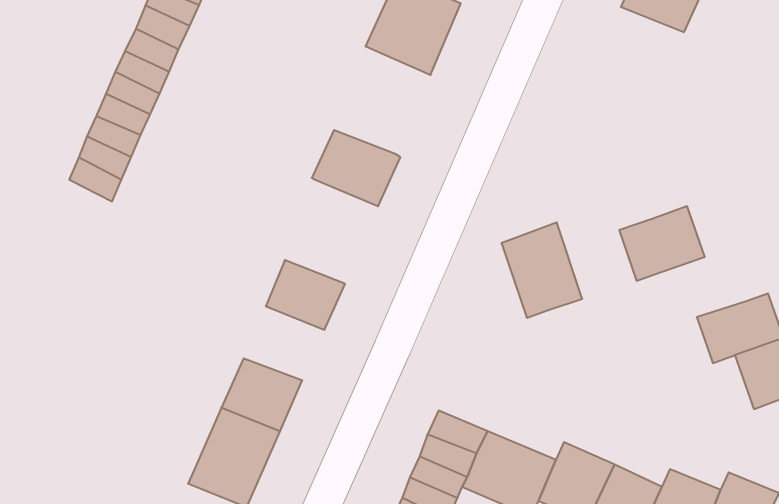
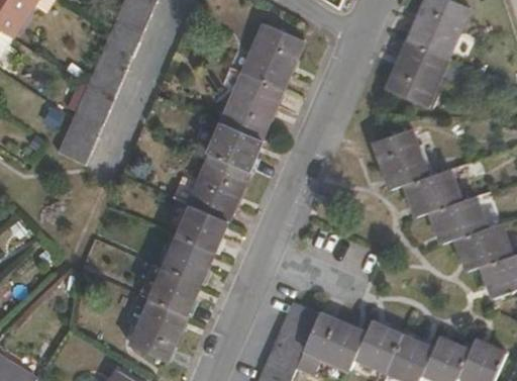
building: none -> [386,42,447,108]
building: none -> [221,68,286,136]
building: none -> [190,153,252,219]
building: [501,223,582,318] -> [376,129,427,190]
building: none -> [431,197,487,245]
building: none -> [167,233,218,281]

